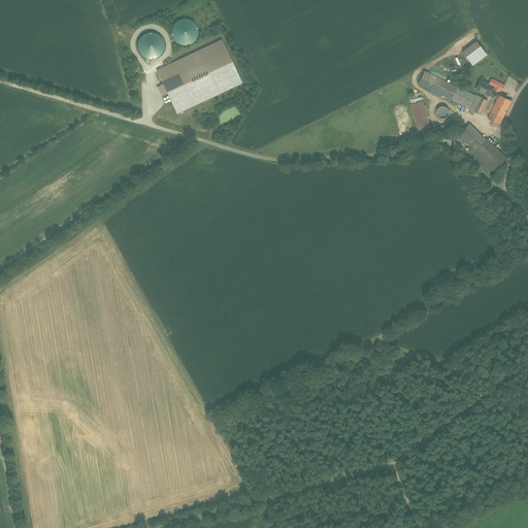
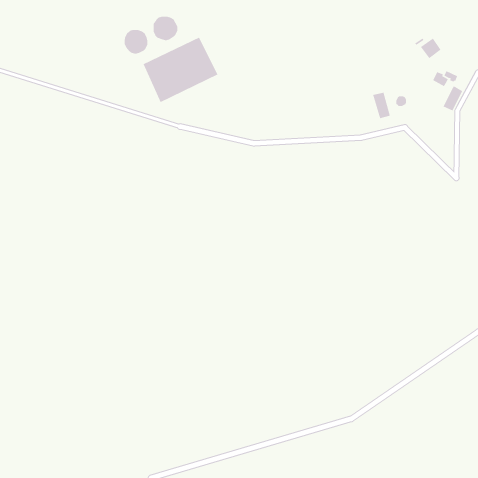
building: [419,71,487,113] -> none
building: [459,124,505,171] -> none

